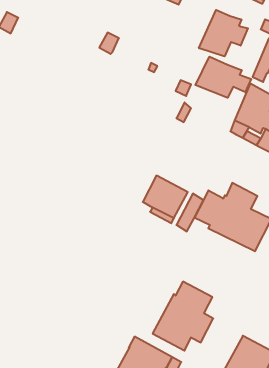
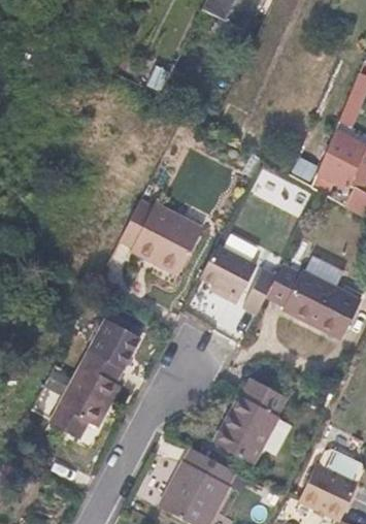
building: [199,10,248,56] -> none
building: [195,57,251,98] -> none
building: none -> [119,200,203,275]
building: none -> [43,314,142,439]

